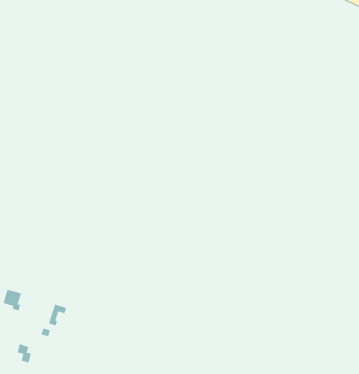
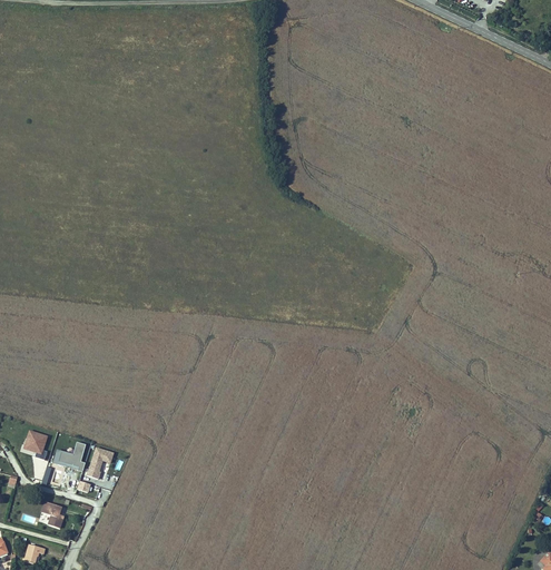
building: none -> [55,441,86,469]

